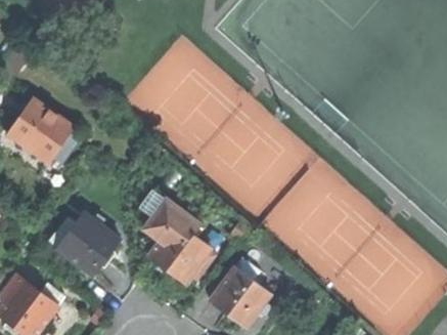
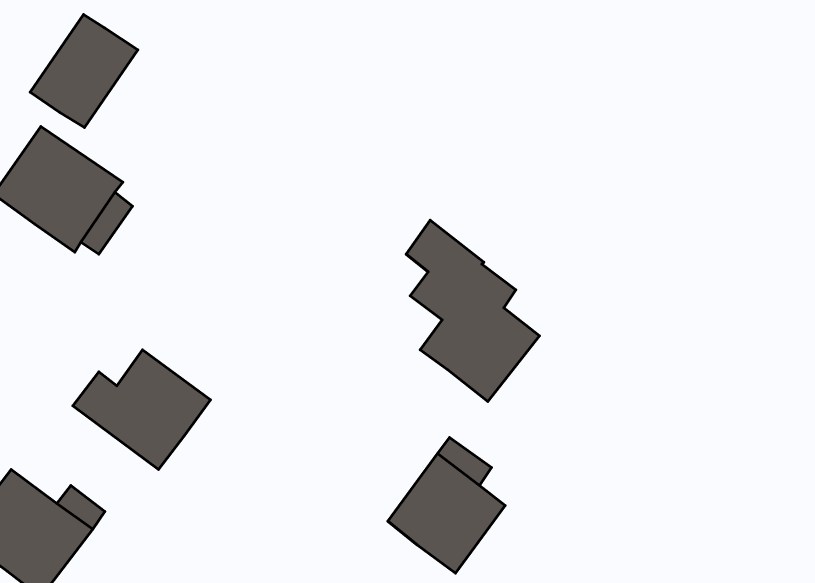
building: none -> [30,15,138,127]
building: [141,190,210,283] -> [406,220,540,402]

